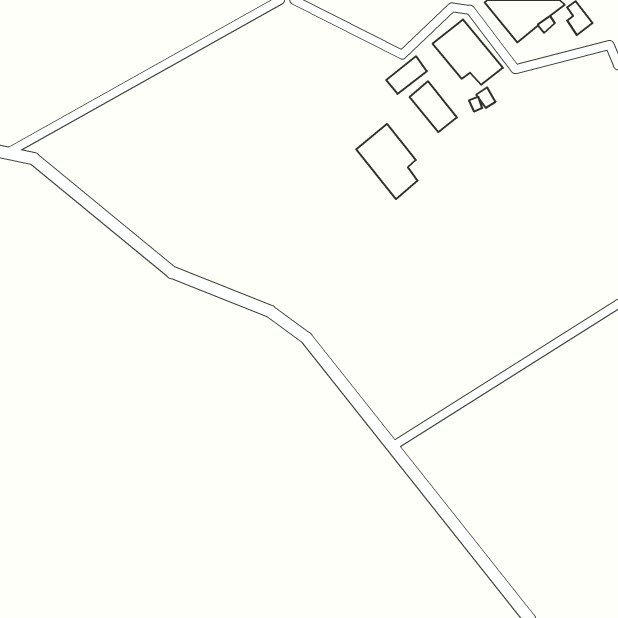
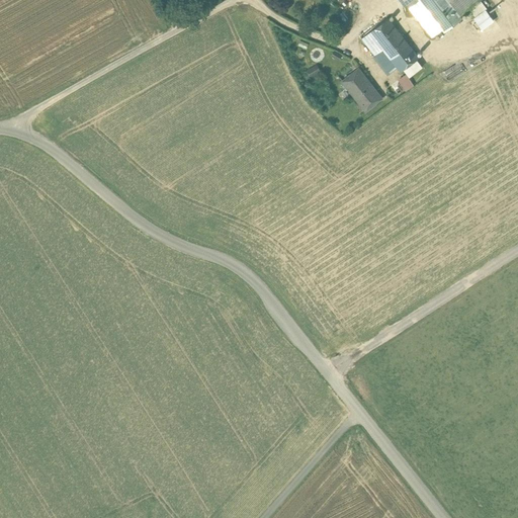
building: [386,56,427,94] -> none
building: [356,124,418,199] -> none

